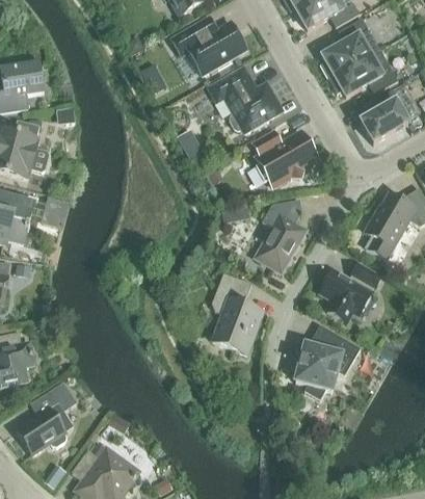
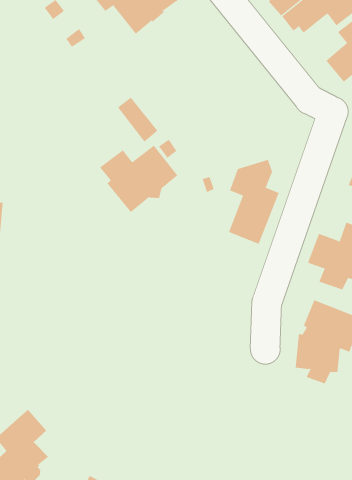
building: [209,68,282,132] -> none
building: [251,131,318,186] -> [99,145,178,213]
building: [211,272,261,354] -> none

